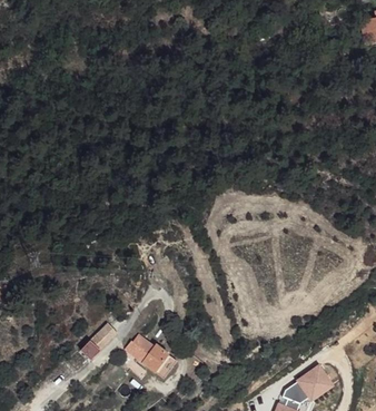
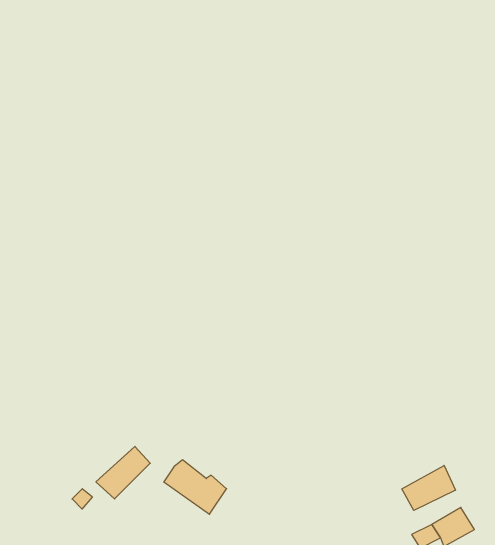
building: none -> [402,465,455,510]

